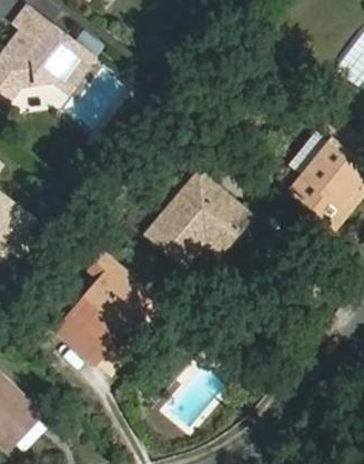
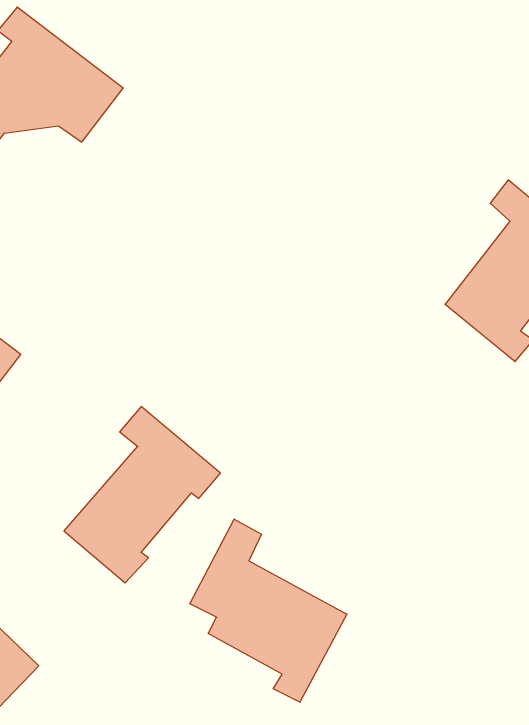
building: [144,171,247,264] -> none
building: none -> [190,519,347,702]

